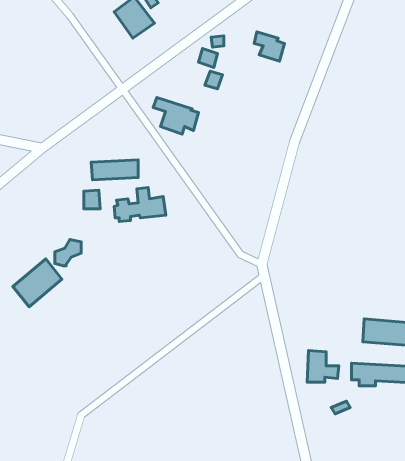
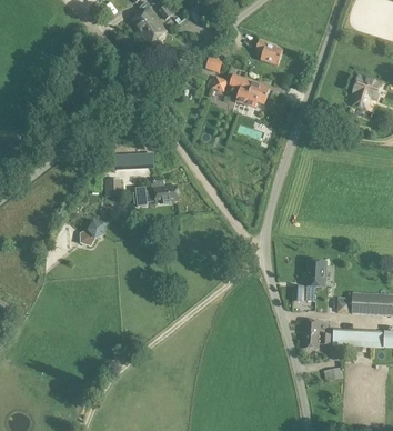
building: none -> [352,74,382,108]
building: [153,97,199,134] -> [229,74,269,107]
building: [13,259,62,307] -> none
building: none -> [293,259,325,300]

